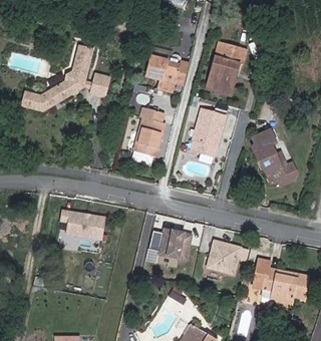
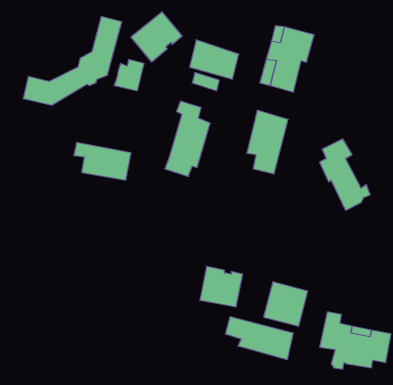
building: none -> [131,12,182,62]
building: [57,208,101,237] -> [74,143,131,180]
building: none -> [225,317,293,360]

